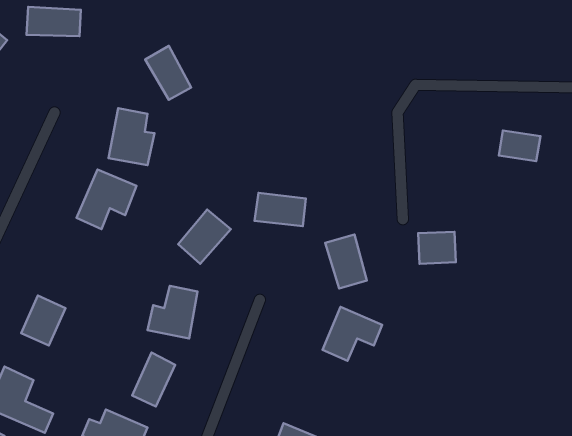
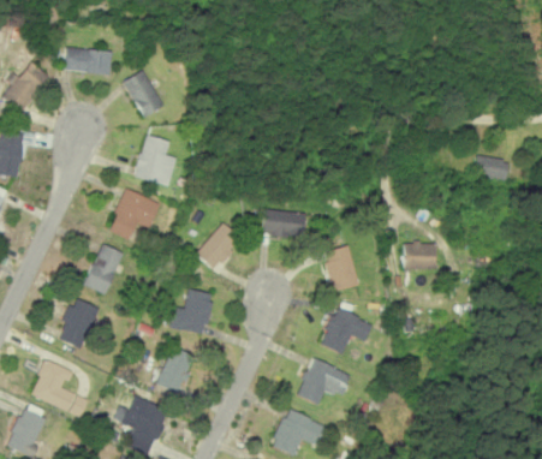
building: [145,46,191,100] -> [124,70,163,117]
building: none -> [84,244,123,294]
building: none -> [297,358,351,405]

